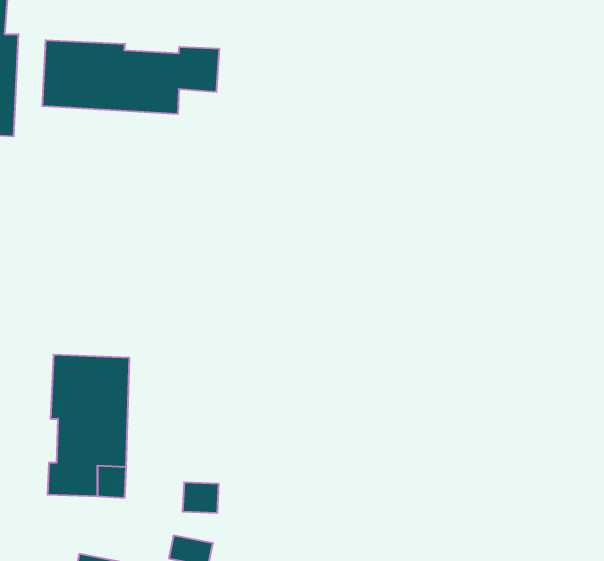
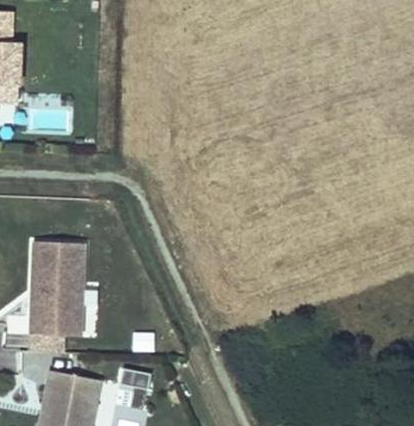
building: [42,40,219,114] -> none

